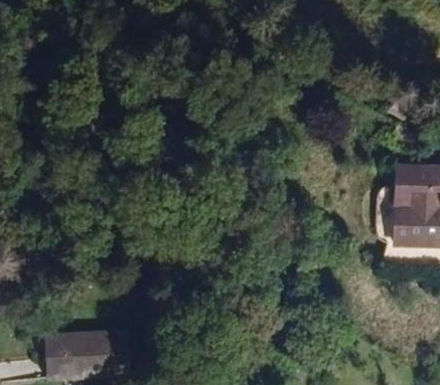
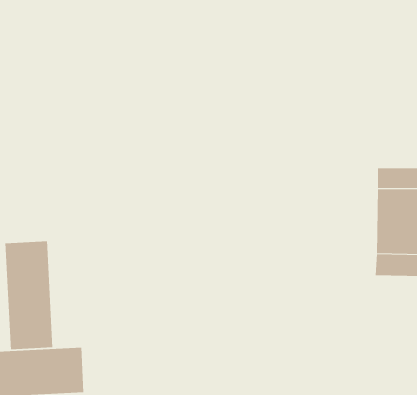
building: none -> [5,241,53,350]

